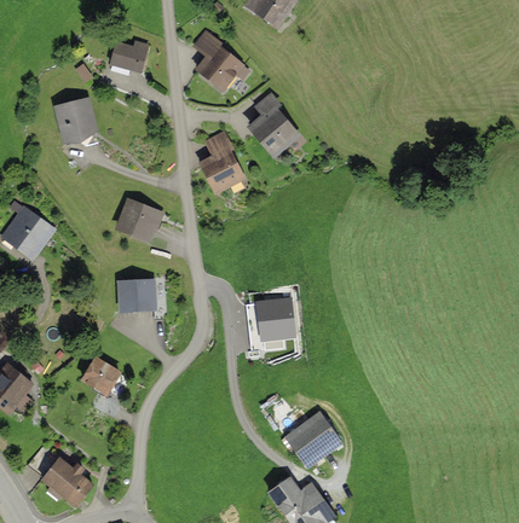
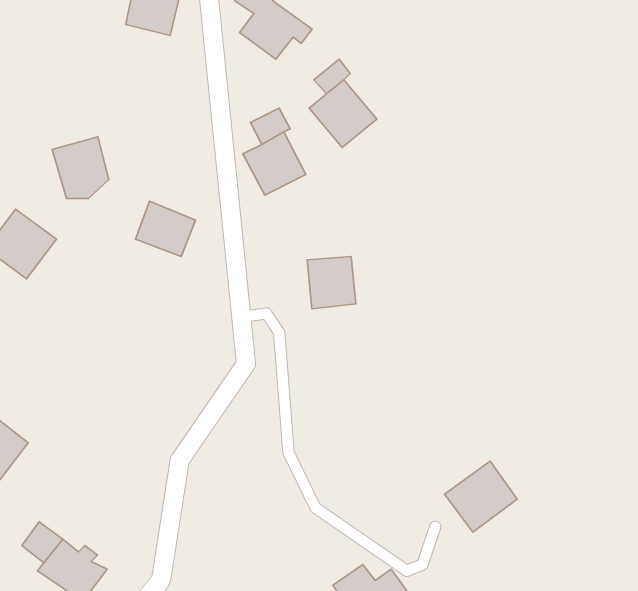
building: [53,97,97,144] -> [52,137,109,198]
building: [116,280,157,313] -> none
building: [256,297,294,337] -> [307,257,356,309]
building: [80,356,121,396] -> none
building: [284,412,340,466] -> [444,461,517,532]

